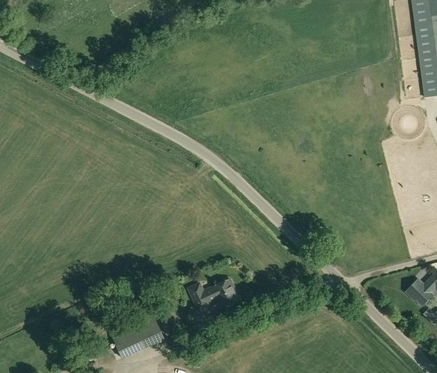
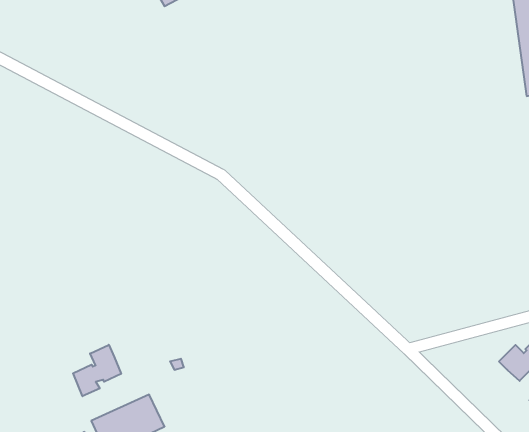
building: none -> [73,345,121,396]
building: [189,279,239,306] -> none

